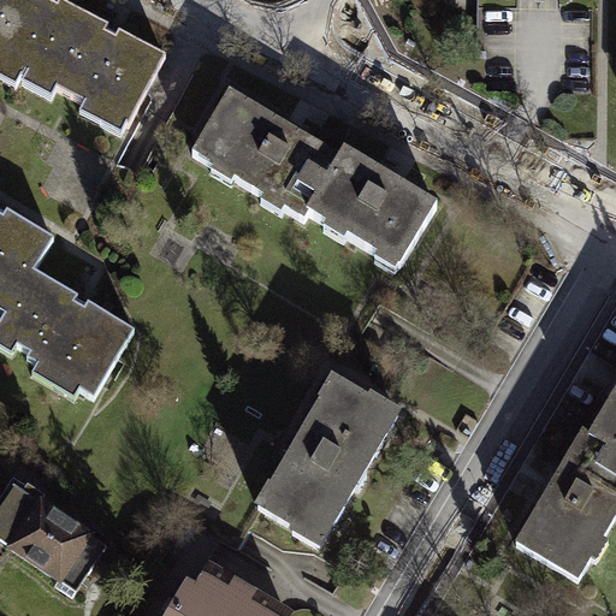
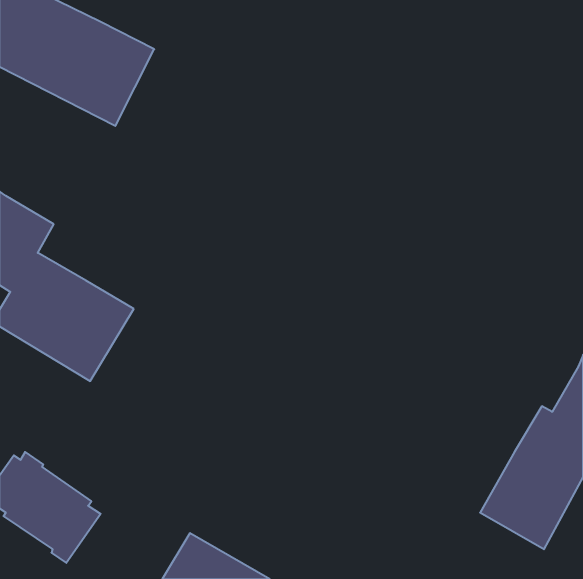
building: [194,88,431,263] -> none
building: [255,369,411,553] -> none

